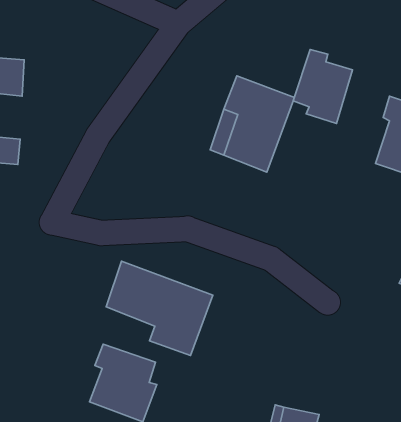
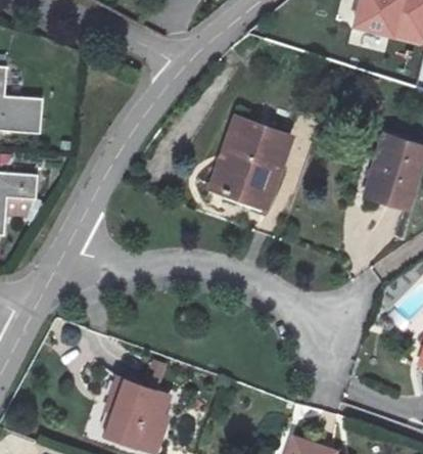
building: [293,49,353,123] -> none
building: [106,261,213,356] -> none

